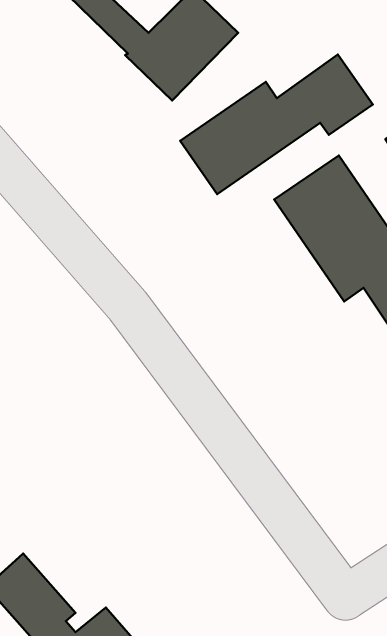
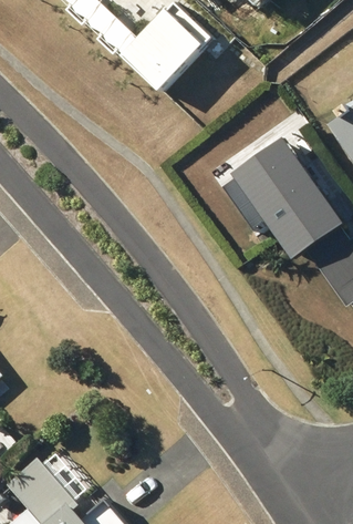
building: [180,55,373,194] -> none

